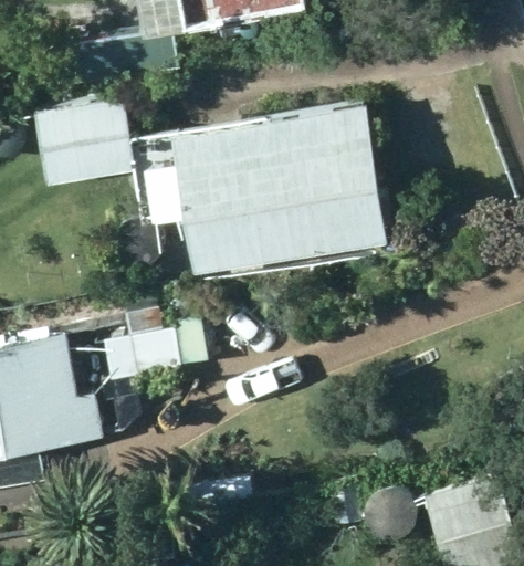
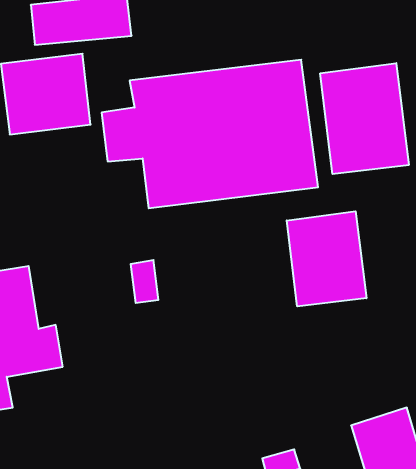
building: none -> [320,63,409,174]
building: none -> [287,211,366,306]

